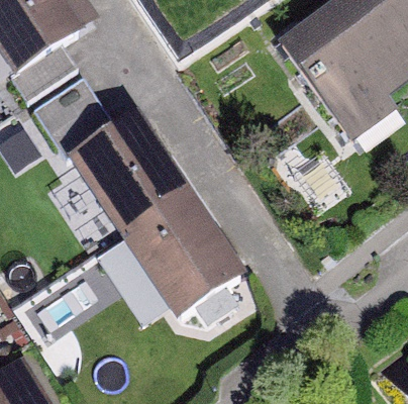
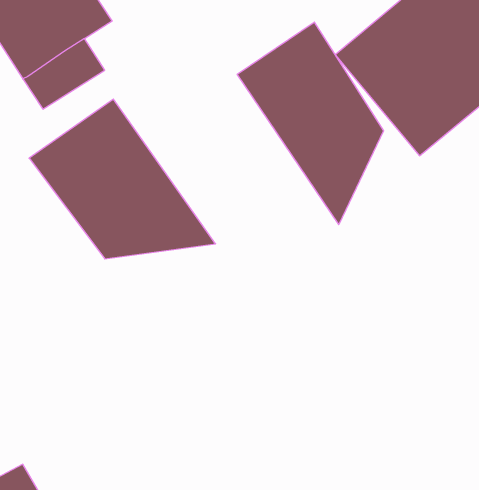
building: none -> [237,22,384,225]
building: [92,200,245,339] -> none

